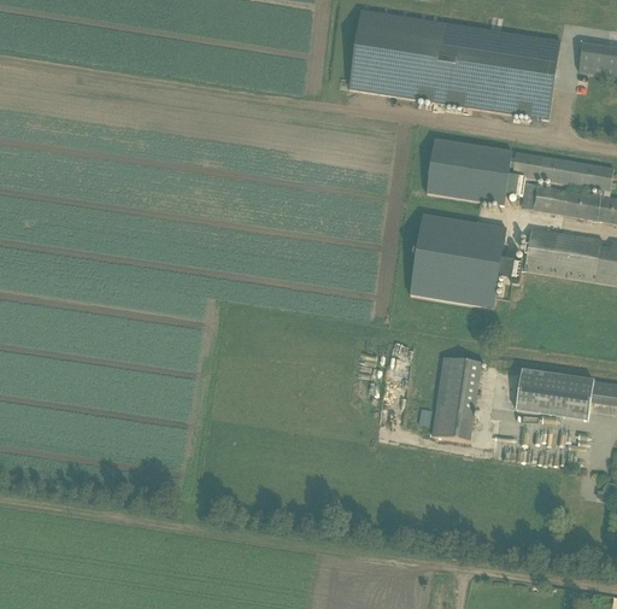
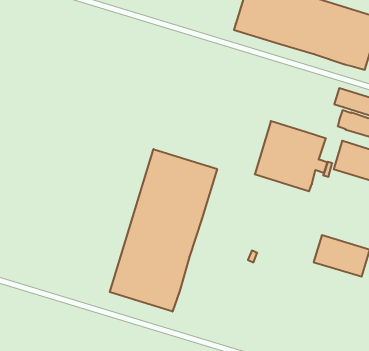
building: [425,139,525,204] -> none
building: none -> [110,149,217,312]
building: [431,357,482,441] -> none

